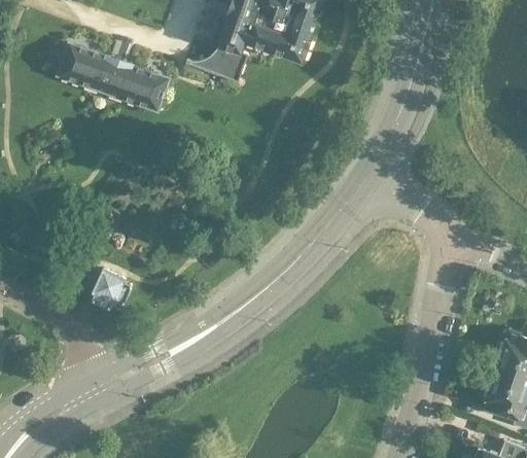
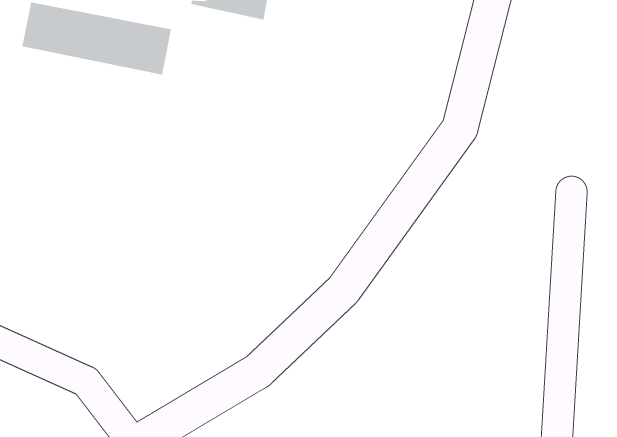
building: [92,268,129,304] -> none

